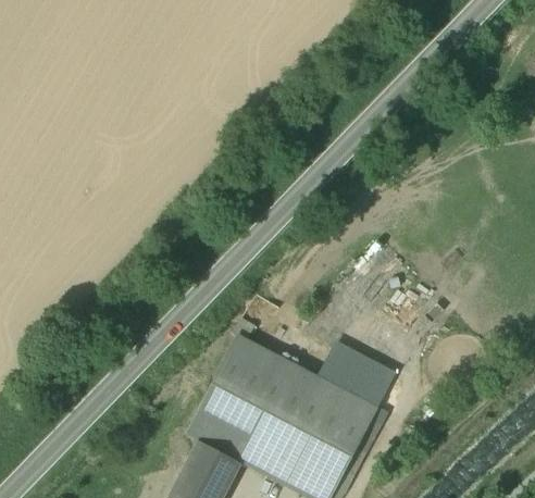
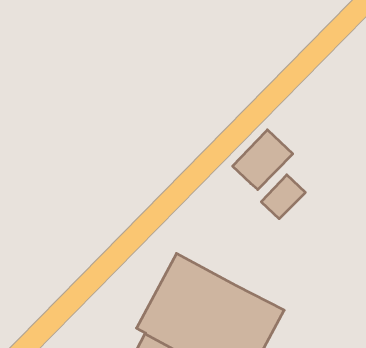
building: none -> [233,130,293,190]
building: [318,339,398,409] -> none

